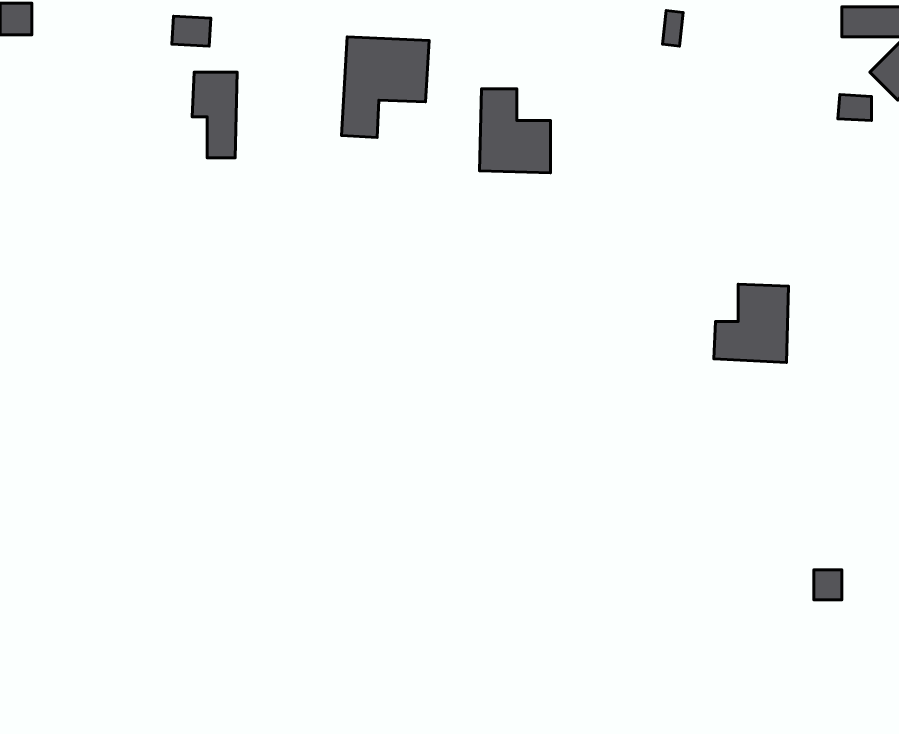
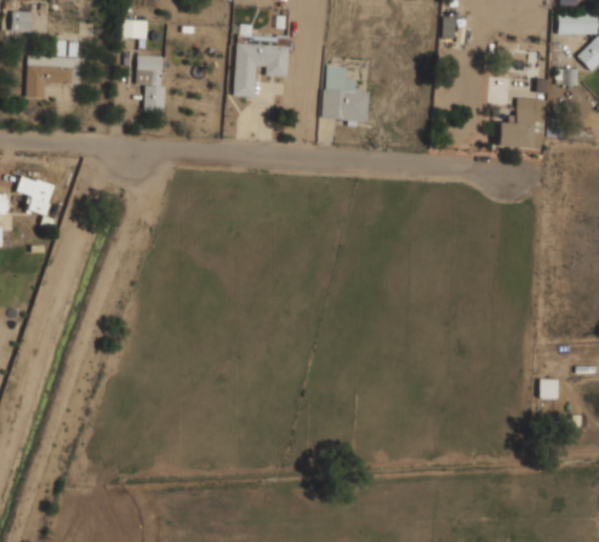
building: none -> [27,56,81,98]
building: none -> [16,175,55,216]
building: [714,284,788,363] -> [497,98,546,149]

